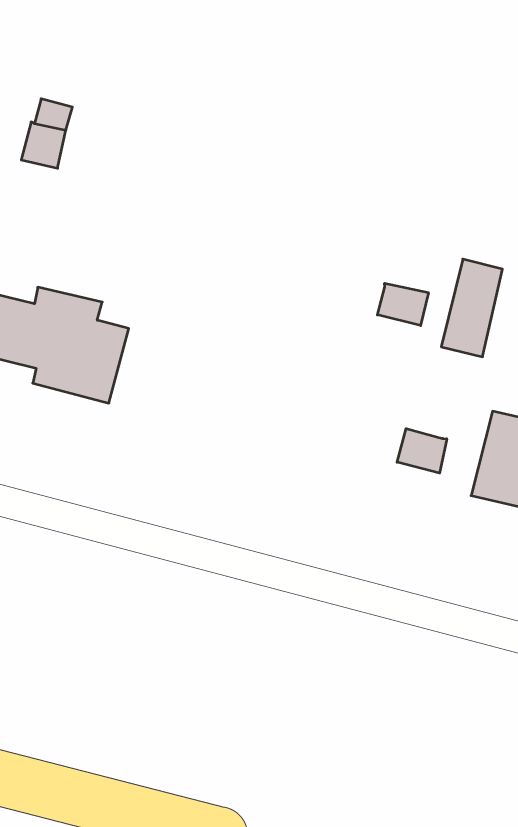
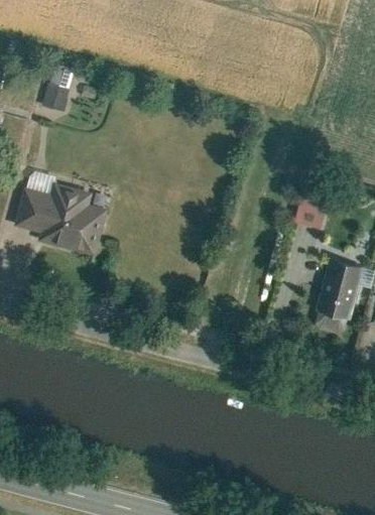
building: [377,283,428,326] -> none
building: [397,429,447,473] -> none

